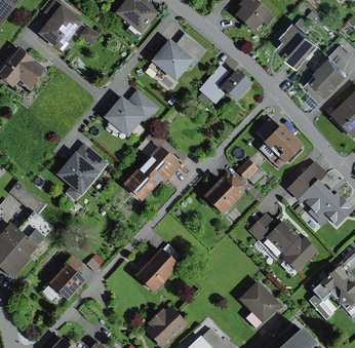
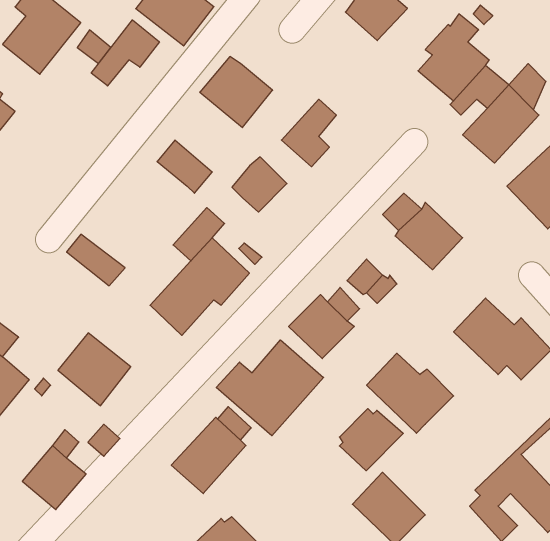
building: none -> [91,20,159,86]
building: [174,32,206,62] -> none
building: [220,69,251,101] -> [232,157,287,212]
building: [103,96,144,137] -> none
building: [56,153,98,195] -> [58,333,131,406]
building: [286,160,325,199] -> none
building: none -> [216,340,324,436]
building: [281,236,318,272] -> [339,409,403,471]

